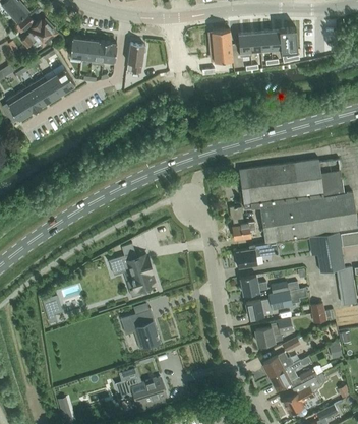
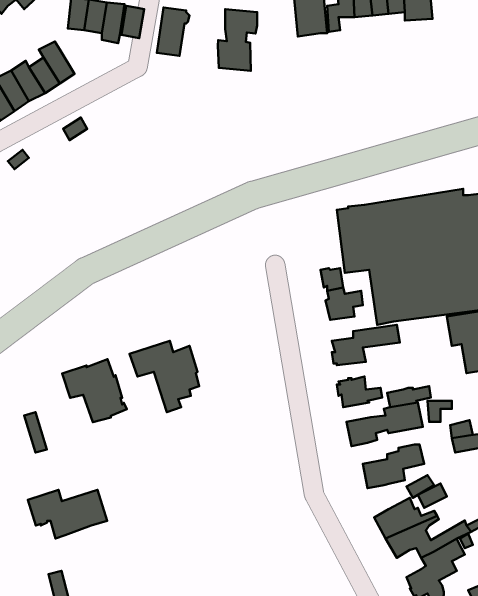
building: none -> [218,9,257,71]
building: [120,310,161,350] -> [62,359,127,422]
building: [117,377,167,408] -> [28,490,107,539]

